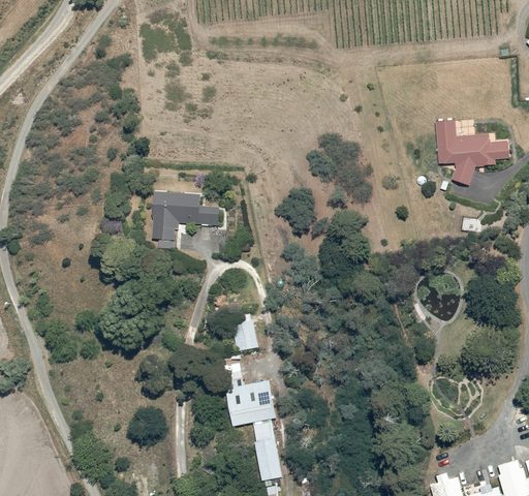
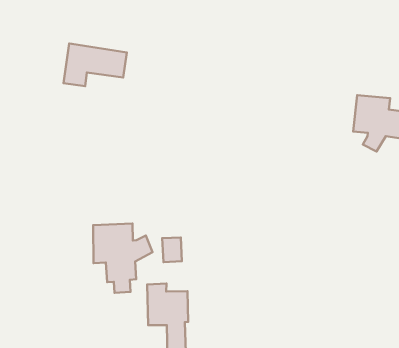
building: [151,193,220,241] -> [64,43,127,86]
building: none -> [93,223,153,293]

